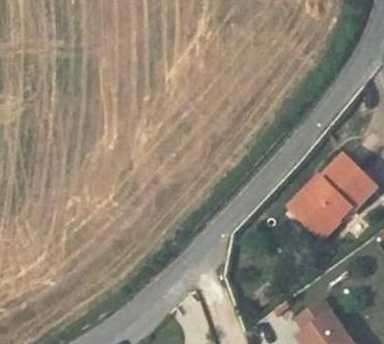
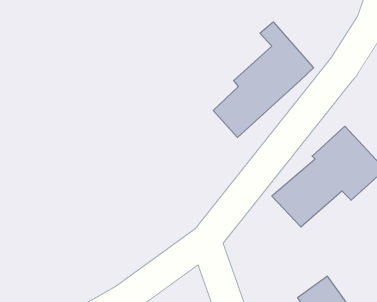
building: none -> [213,22,314,137]

